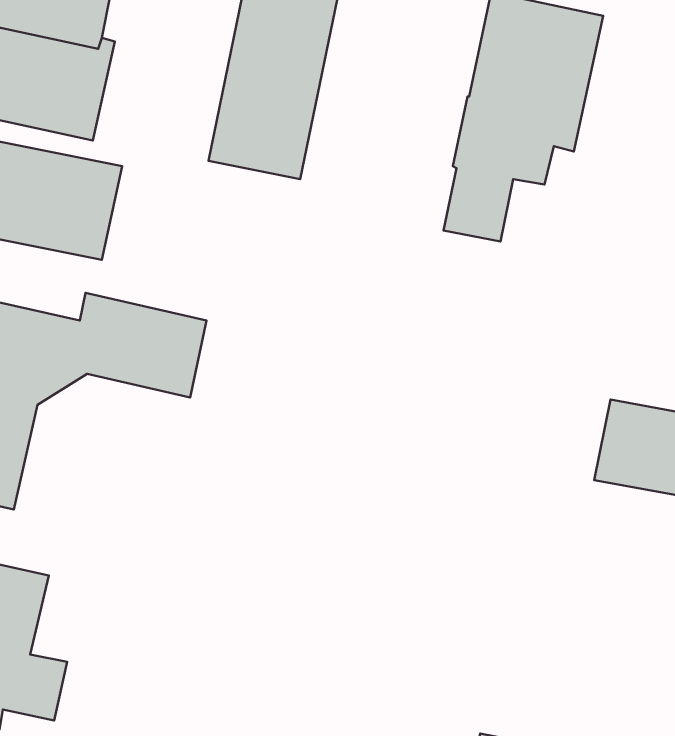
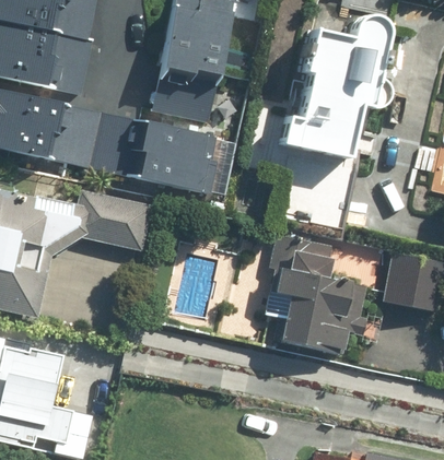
building: none -> [91,114,224,193]
building: none -> [271,235,367,354]

